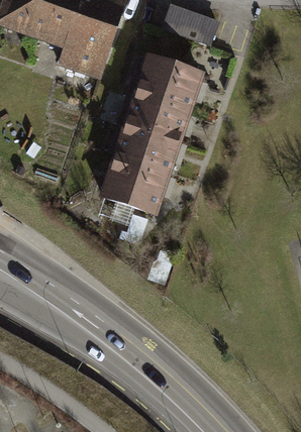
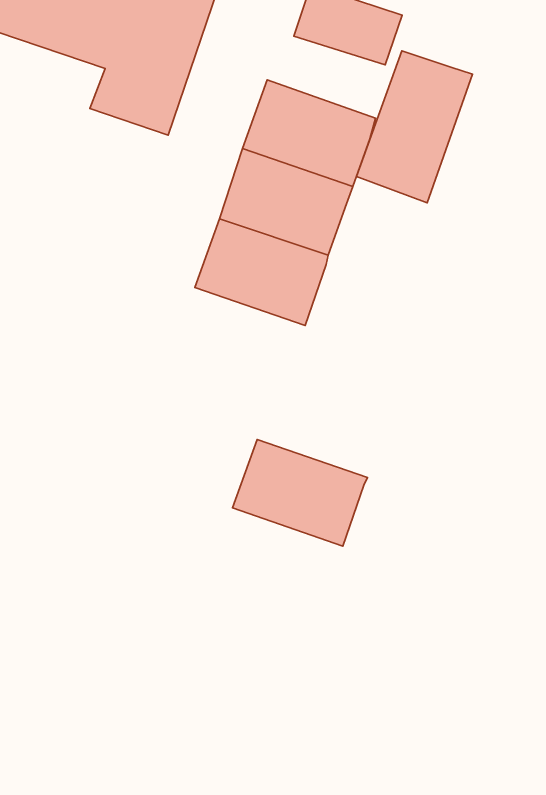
building: none -> [356,51,472,203]
building: [97,161,169,218] -> [232,439,368,546]

